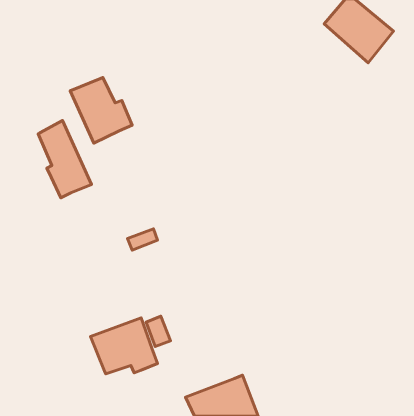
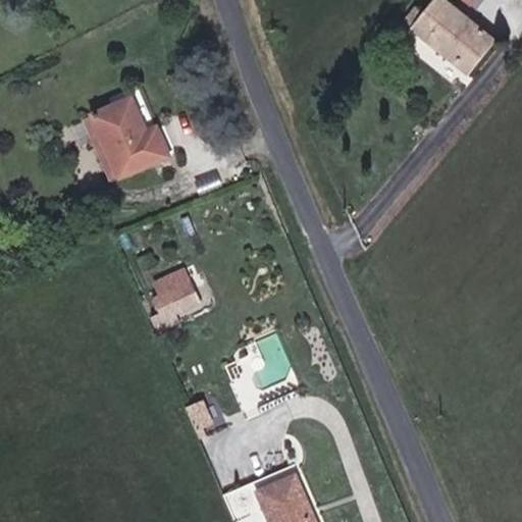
building: [38,121,92,198] -> none
building: [90,318,158,374] -> none

